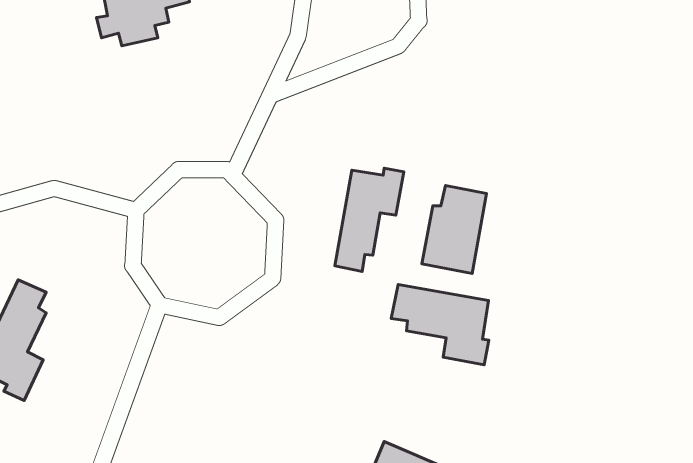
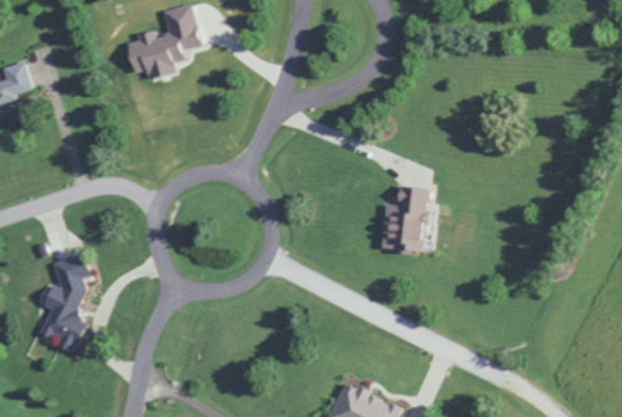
building: [335,168,404,272] -> none
building: [391,285,489,365] -> none

